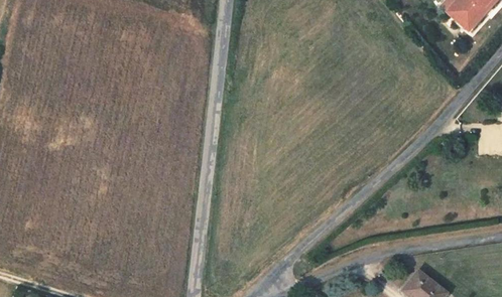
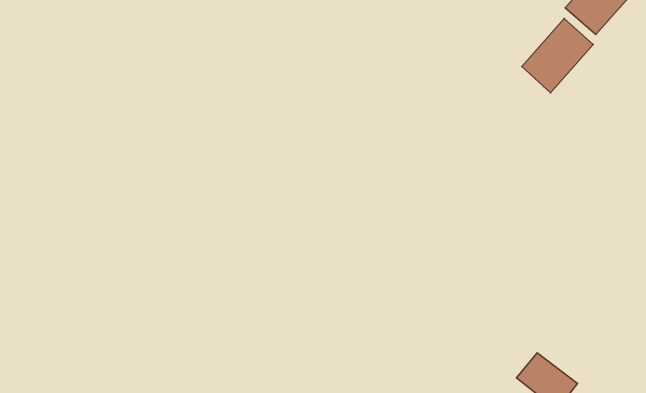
building: none -> [522,18,593,93]

